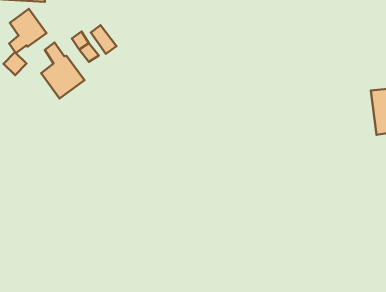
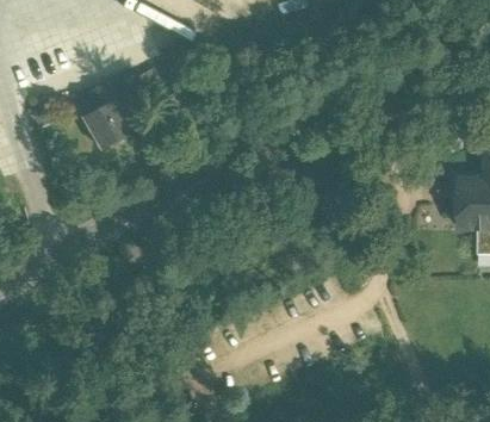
building: [9,9,47,53] -> none

